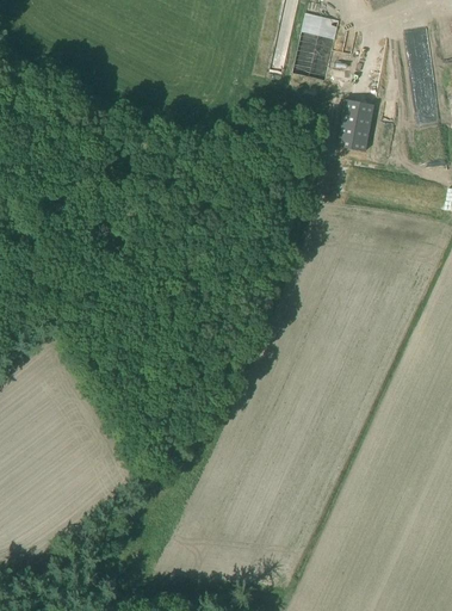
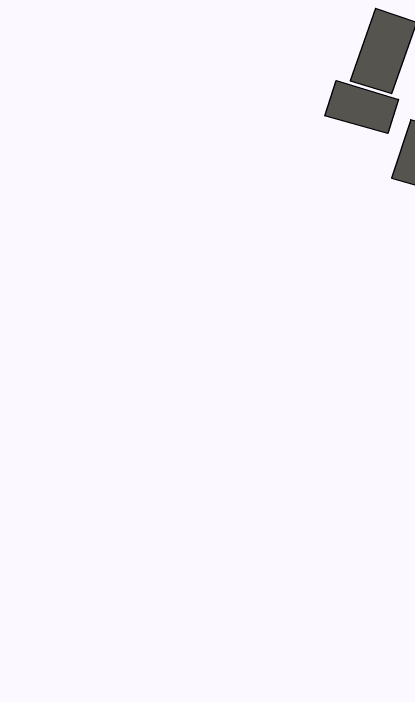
building: none -> [325,81,398,133]

